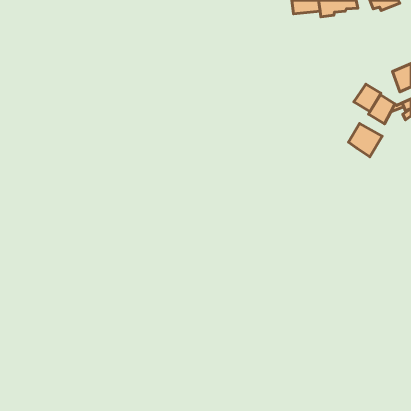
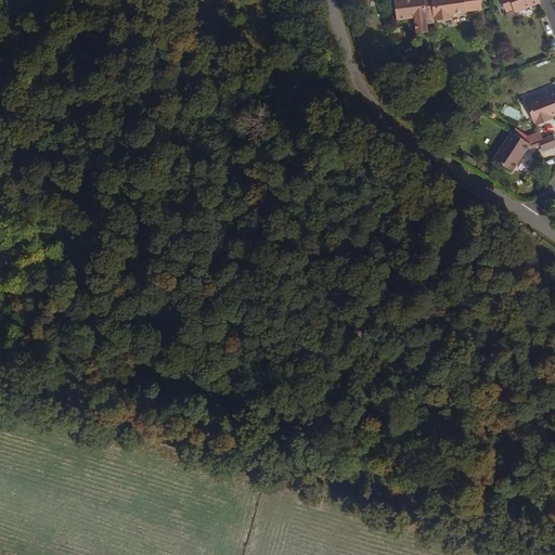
building: [354,84,381,112] -> none
building: [349,123,382,157] -> none

